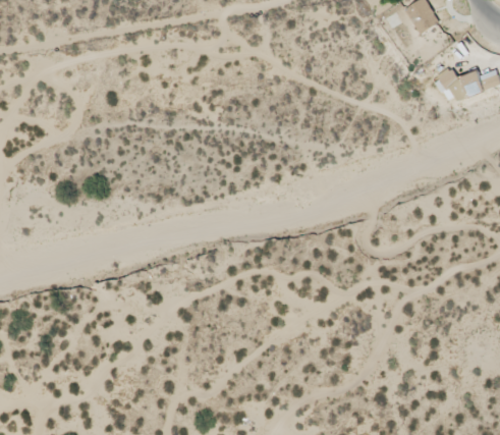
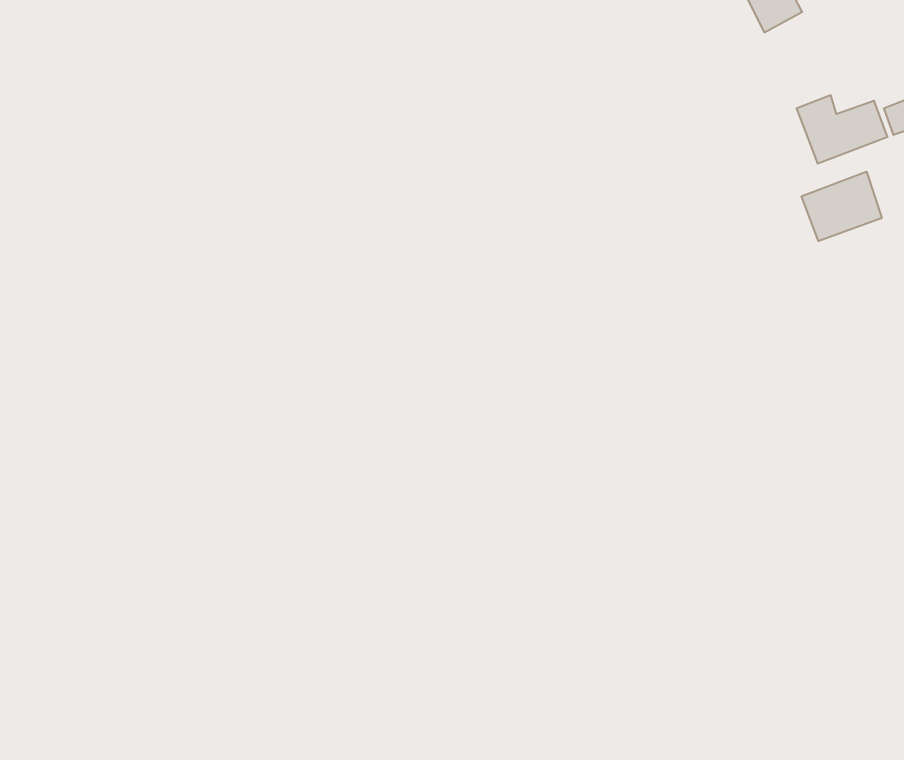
building: none -> [801,172,882,241]

